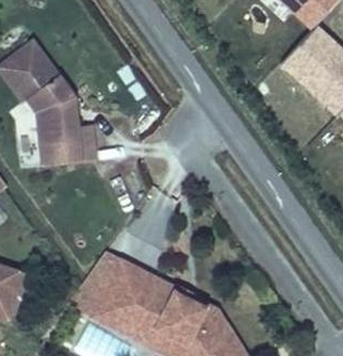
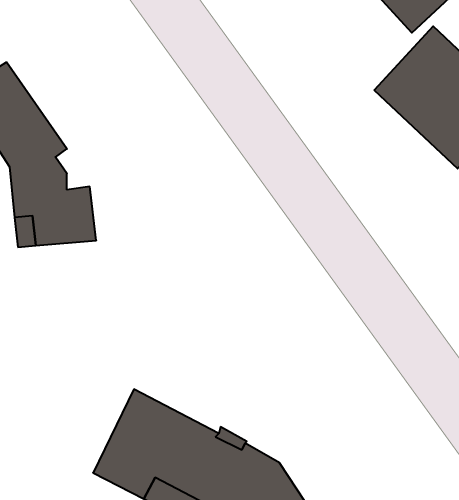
building: [68,254,122,317] -> none

